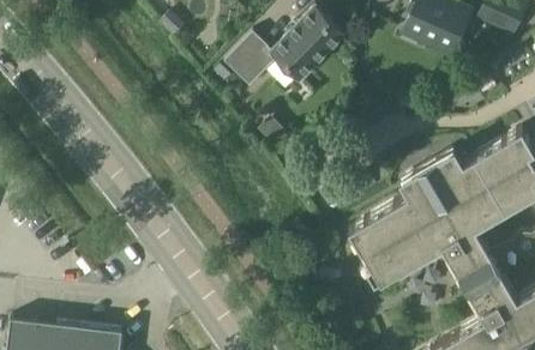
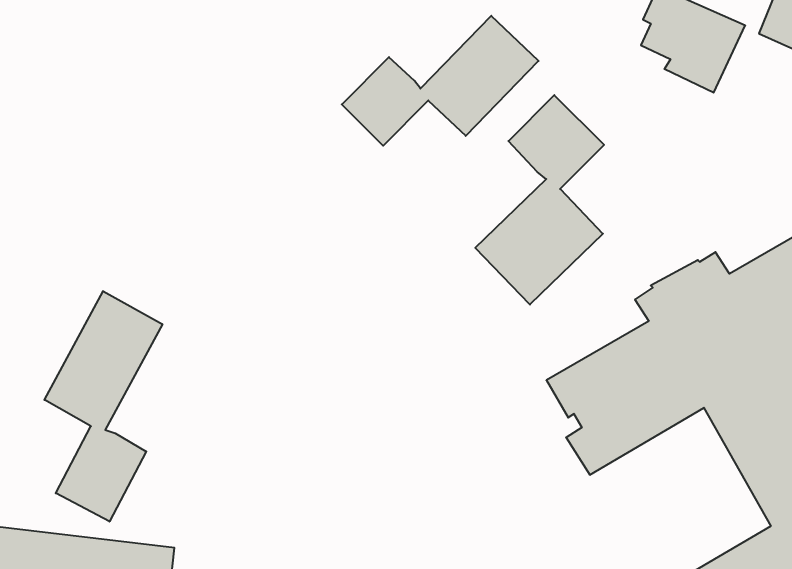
building: none -> [475,95,604,305]
building: none -> [44,291,162,522]

